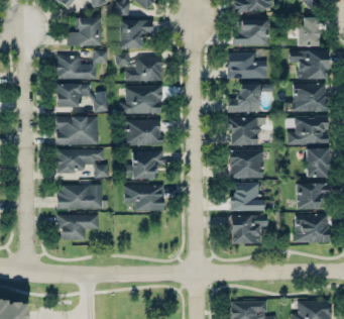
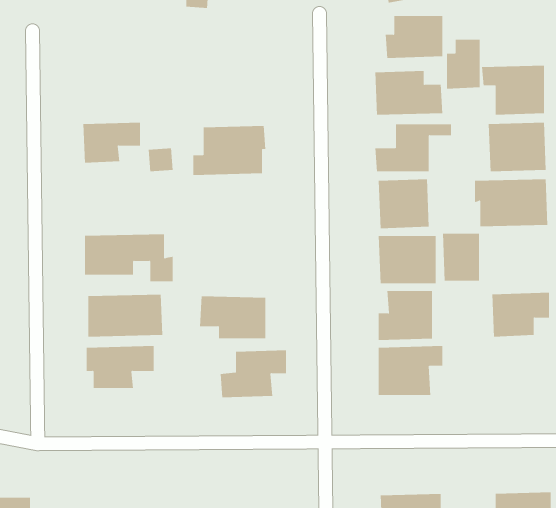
building: [67,18,101,46] -> none
building: [298,18,318,47] -> [446,39,480,89]
building: [119,21,153,48] -> none
building: [55,50,108,80] -> none
building: [116,54,162,82] -> none
building: [56,117,98,145] -> none
building: [125,120,161,146] -> none
building: [306,149,328,178] -> [442,233,480,281]
building: [124,151,163,180] -> [220,350,287,398]
building: [296,215,329,243] -> none

